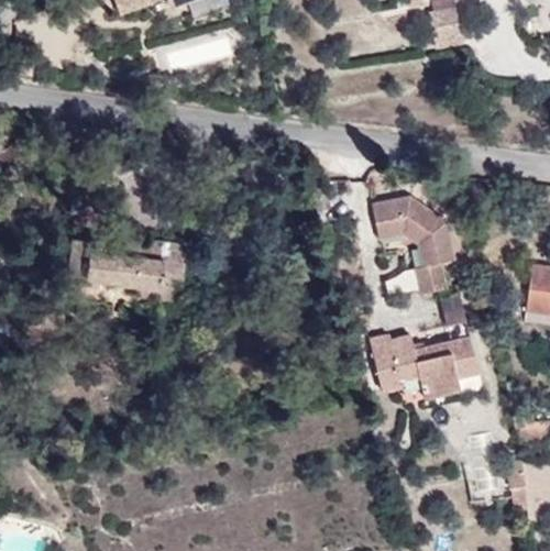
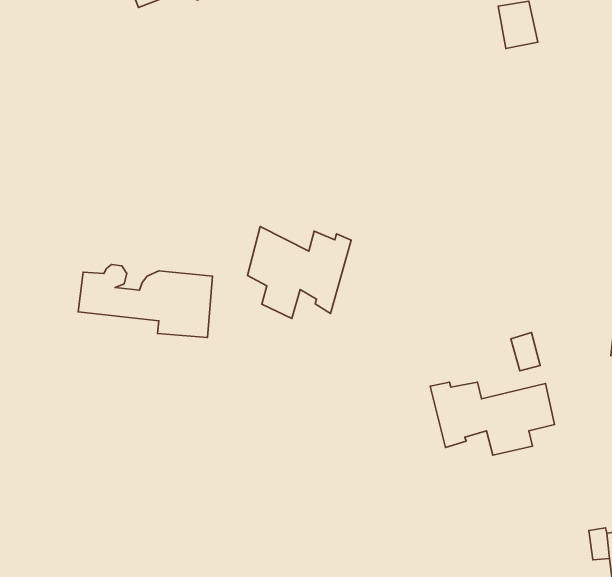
building: [373,197,454,293] -> none
building: none -> [247,227,351,319]

